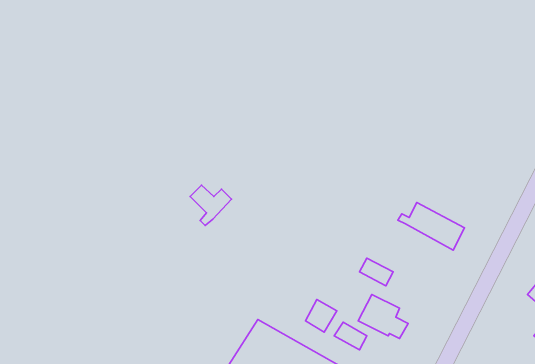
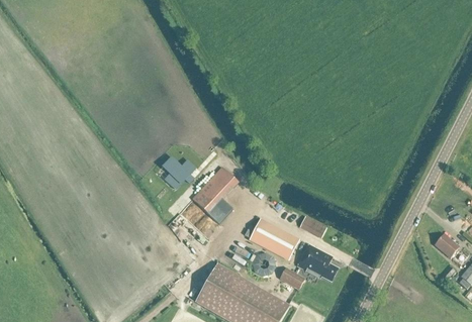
building: none -> [192,166,239,223]
building: [398,203,464,250] -> [245,220,298,258]

